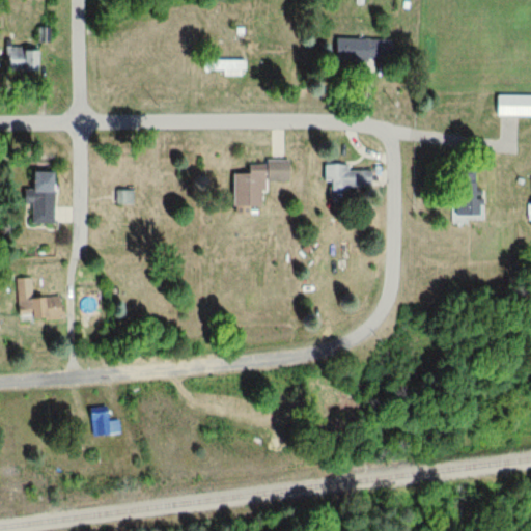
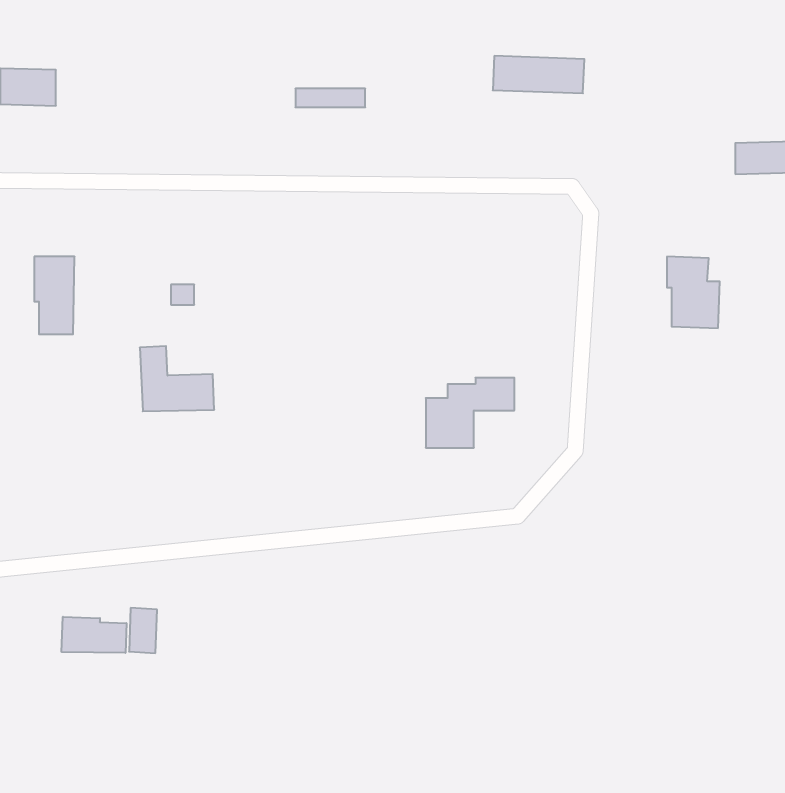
building: [233,160,292,206] -> [426,378,514,448]
building: [324,164,374,188] -> none
building: [18,277,67,320] -> [140,346,214,411]
building: none -> [62,617,126,653]

